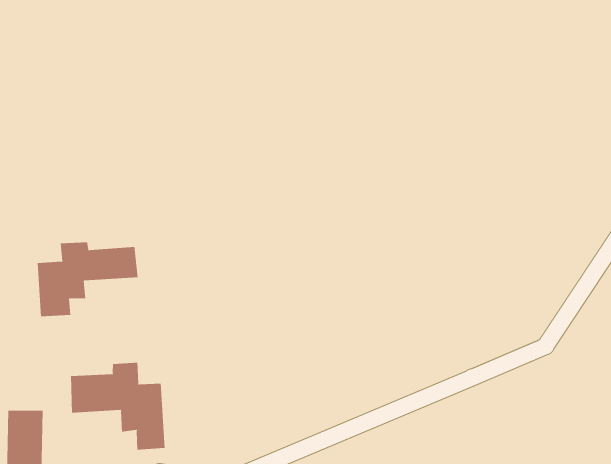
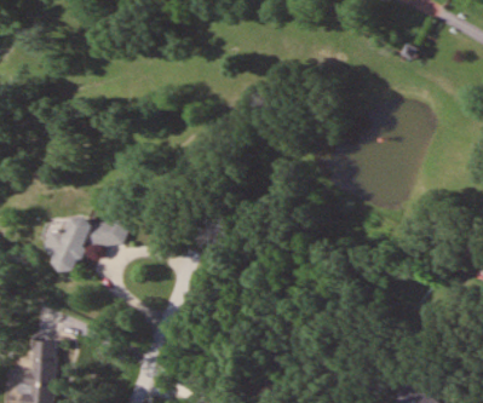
building: [71,362,165,450] -> none

